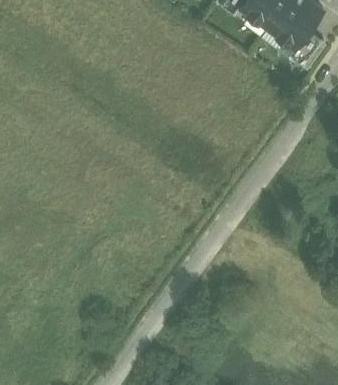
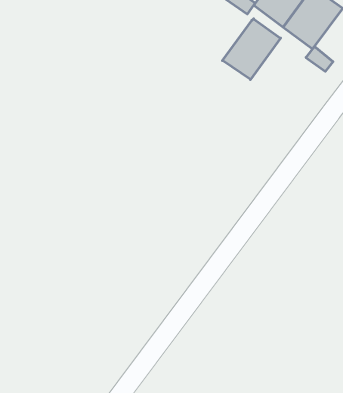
building: none -> [222,19,281,80]

